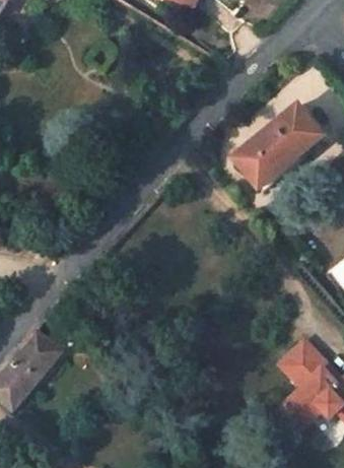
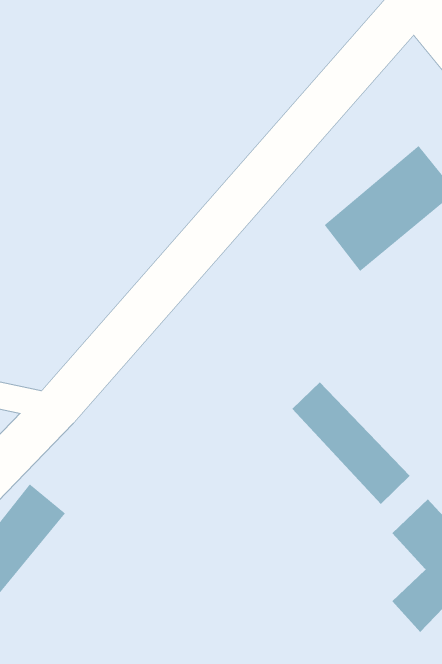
building: none -> [291,381,410,505]

